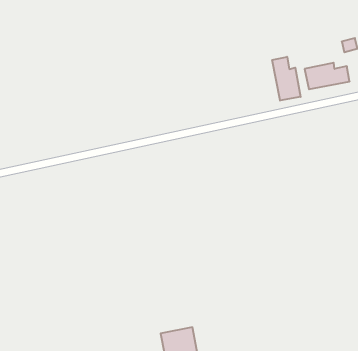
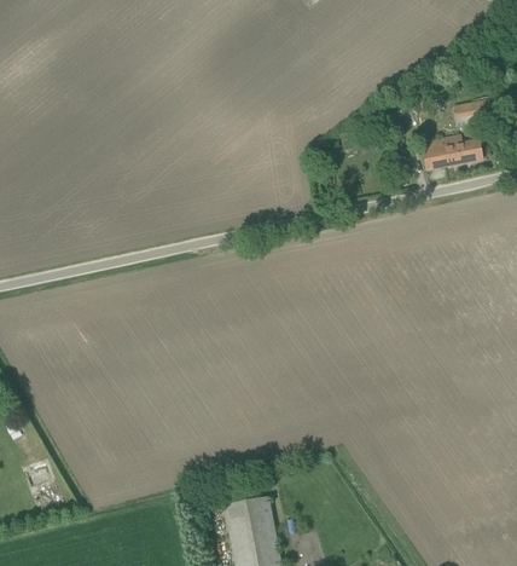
building: [272,57,301,101] -> none

